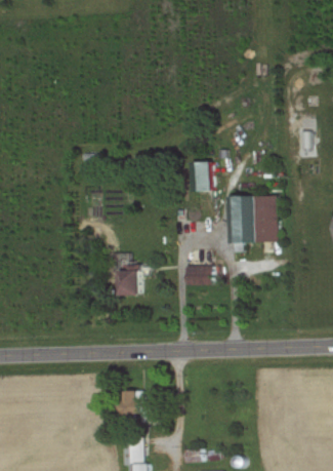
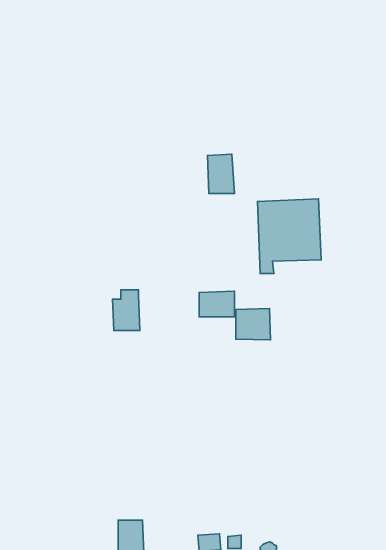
building: none -> [236,309,271,340]
building: [123,391,141,418] -> none

